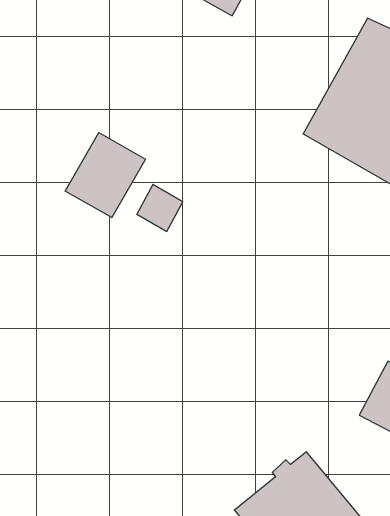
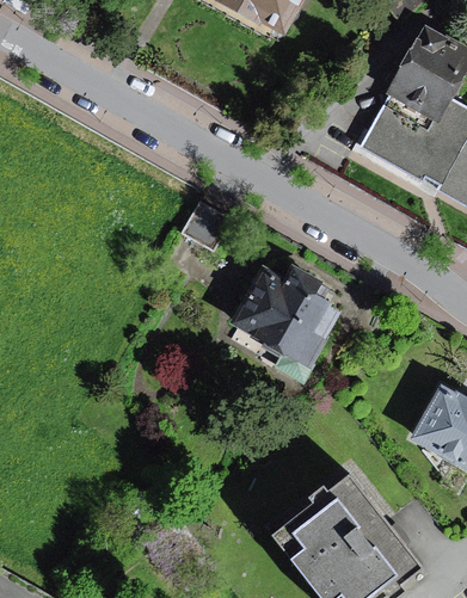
building: [65,133,145,218] -> none
building: none -> [228,265,342,382]

